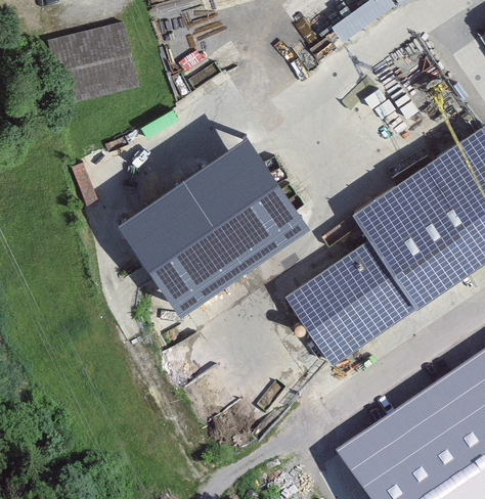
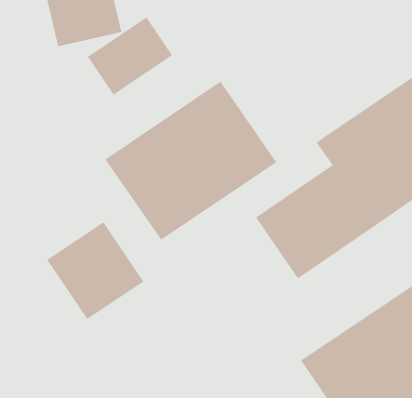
building: none -> [87,16,173,95]
building: none -> [46,221,144,320]

